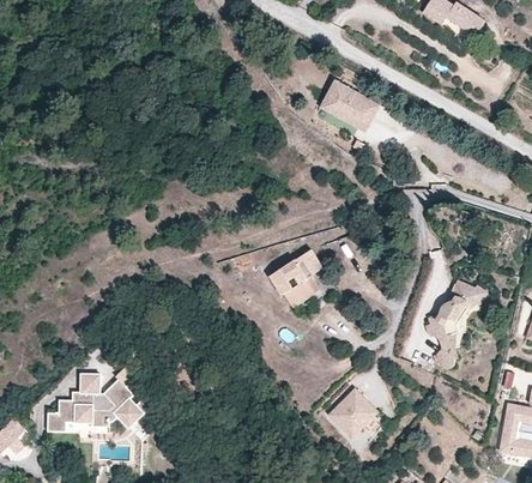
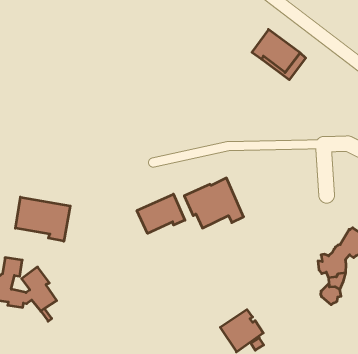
building: none -> [137,194,185,233]
building: none -> [15,197,70,241]

